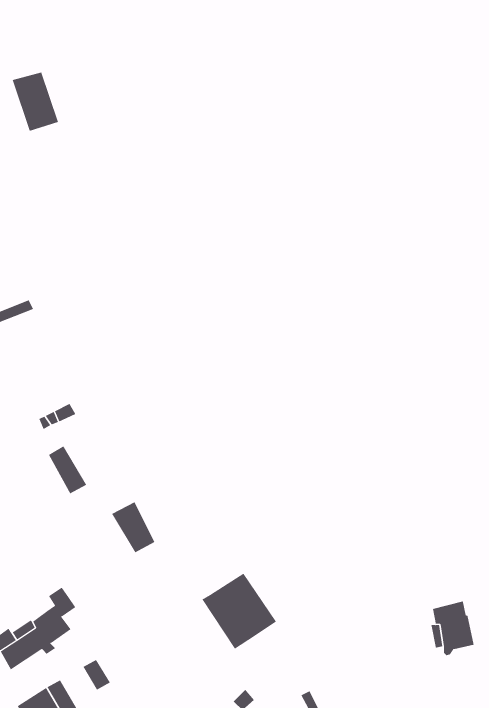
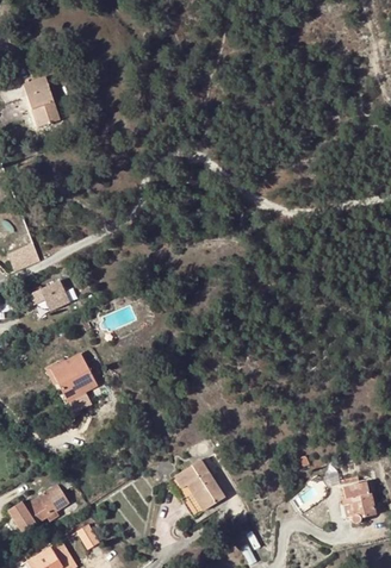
building: none -> [27,280,68,311]
building: [111,501,155,553] -> [63,354,97,393]

